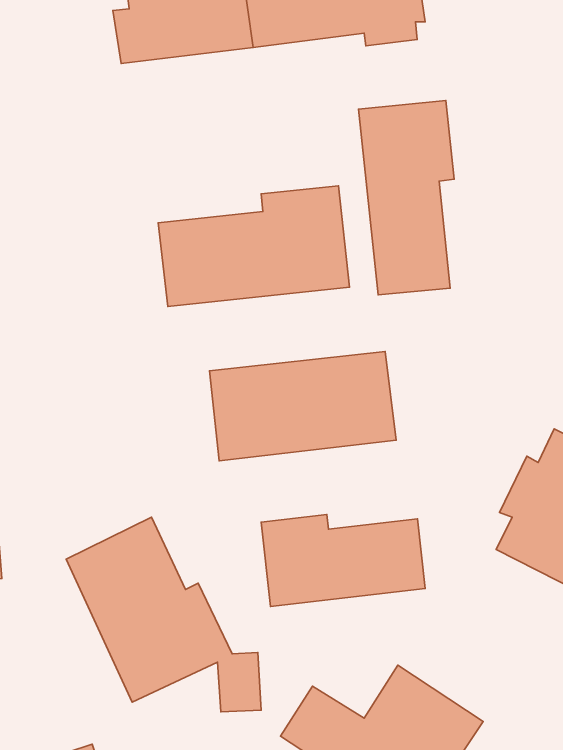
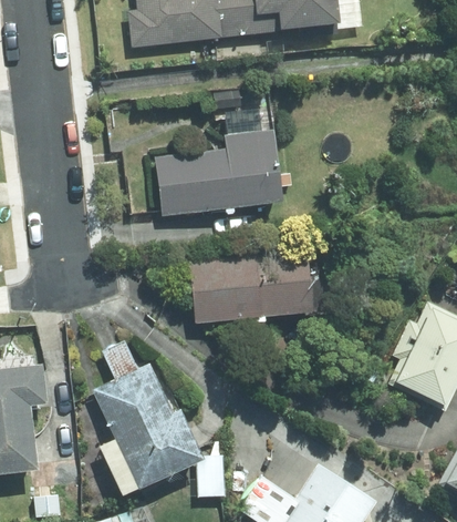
building: [358,100,454,295] -> none
building: [261,514,425,607] -> none

